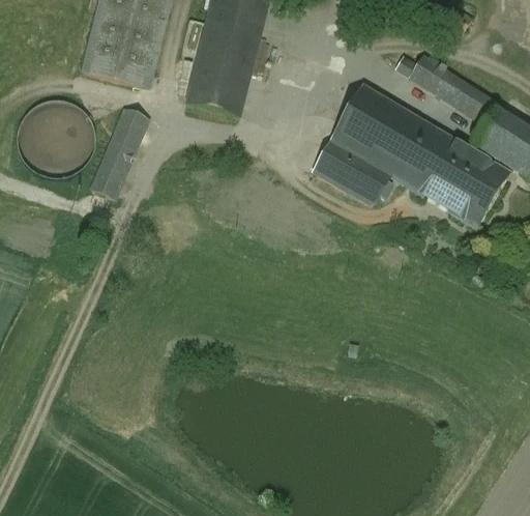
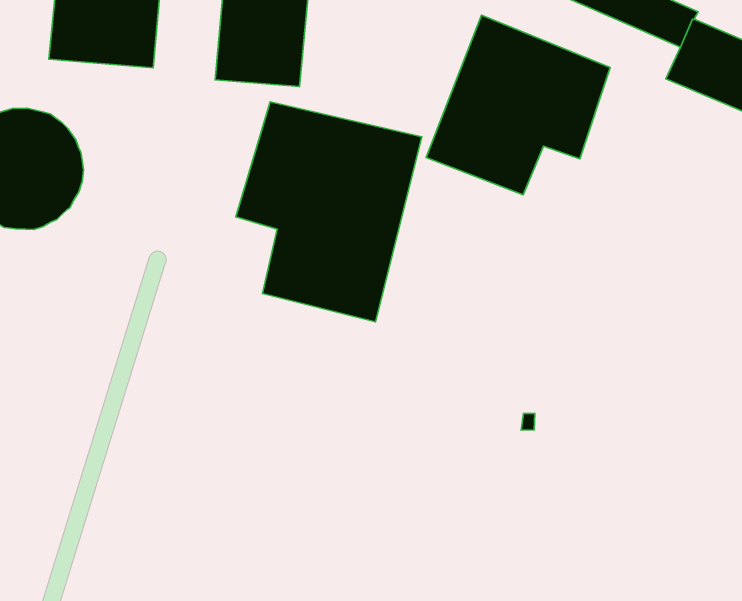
building: [92,107,148,196] -> none
building: none -> [236,102,422,322]
building: [410,130,509,226] -> none

